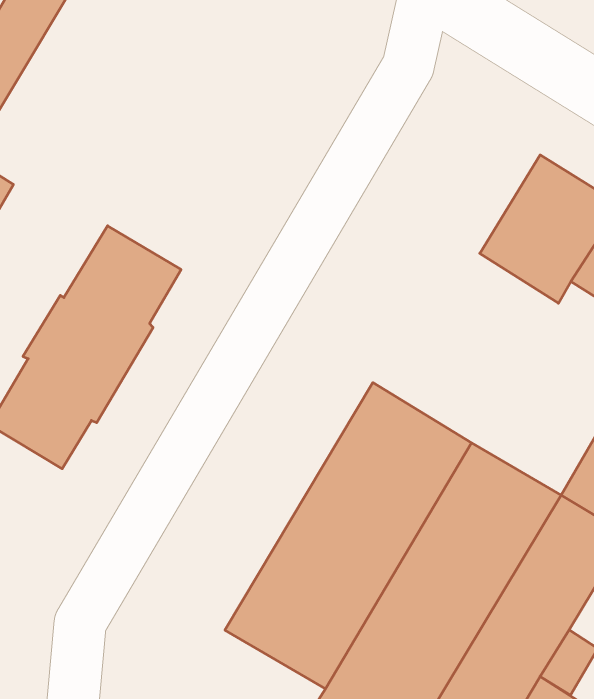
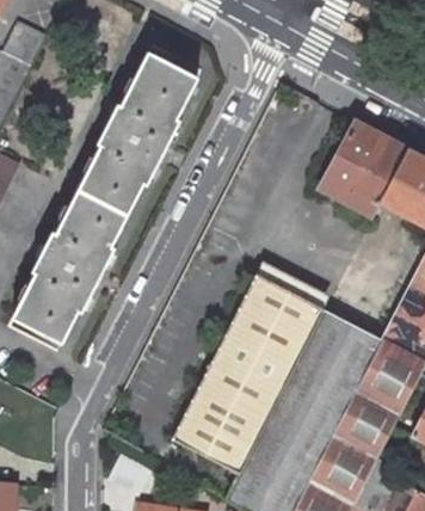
building: none -> [80,53,197,210]

